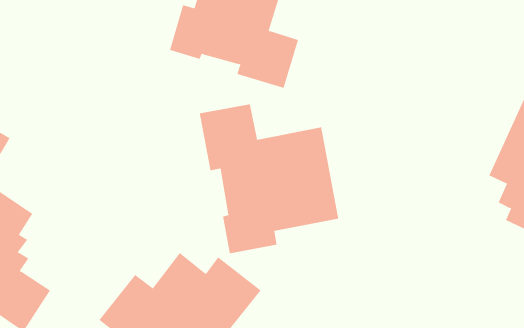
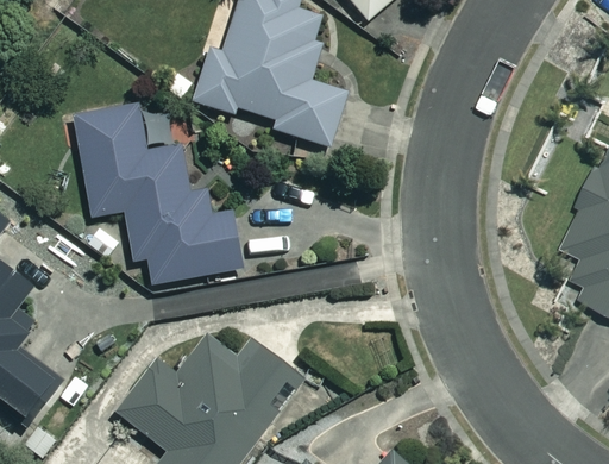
building: none -> [74,101,243,282]
building: [199,104,339,254] -> none

